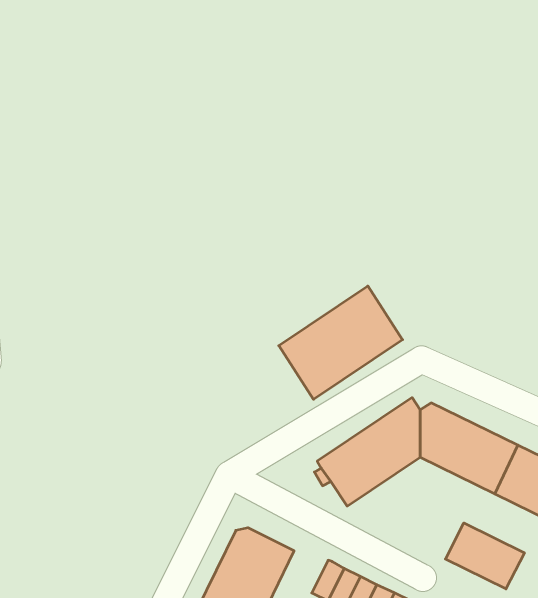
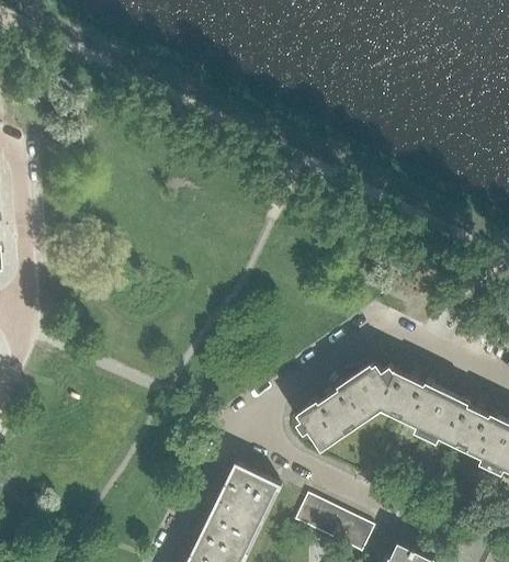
building: [279,286,403,399] -> none
building: [445,523,524,589] -> none

